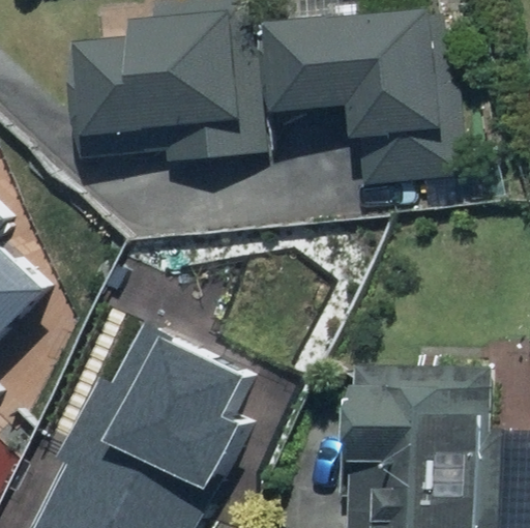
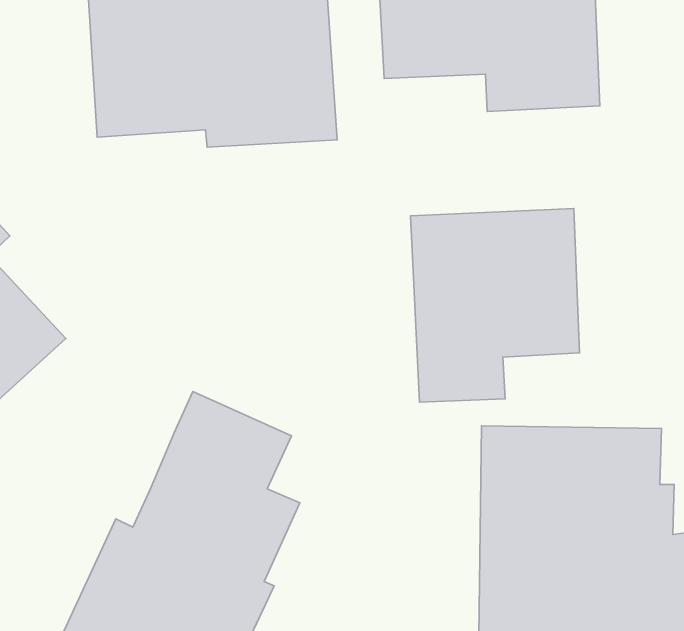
building: none -> [411,208,580,402]

